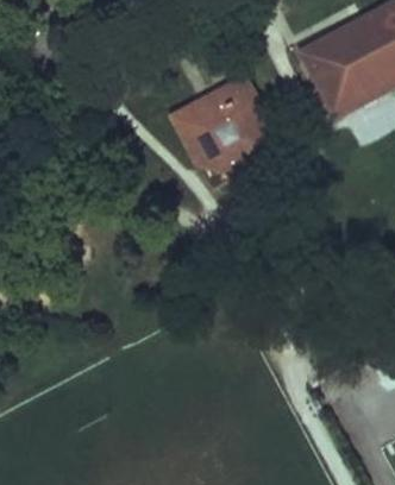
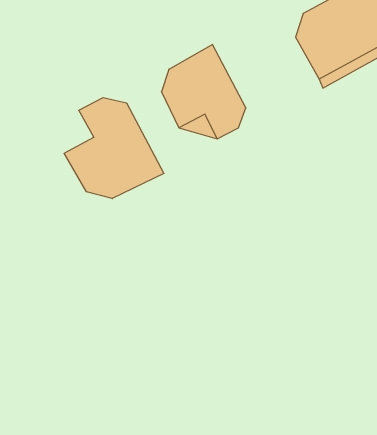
building: none -> [64,98,164,199]

